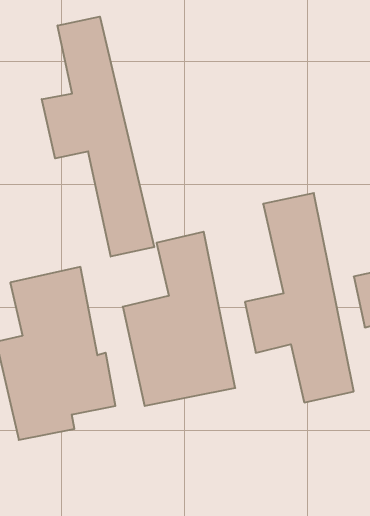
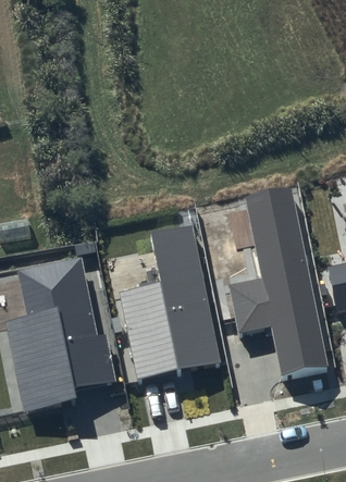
building: [42,17,154,257] -> none

